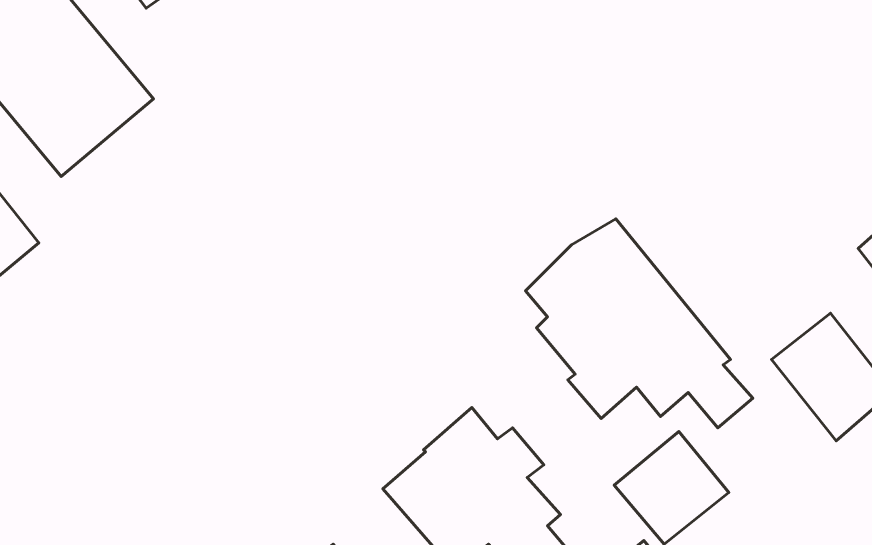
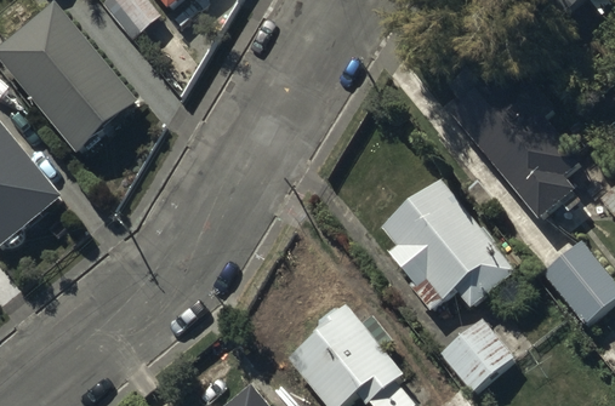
building: none -> [446,56,581,219]

